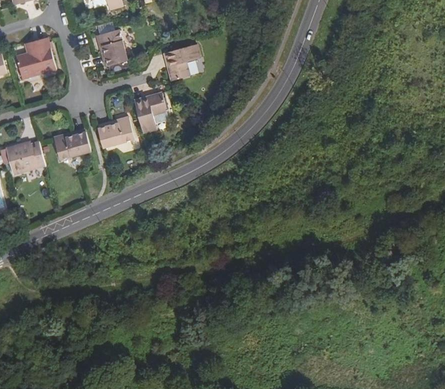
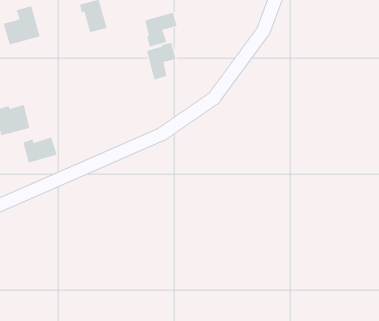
building: [134,93,166,133] -> [146,42,177,80]
building: [97,117,133,148] -> none
building: [53,132,90,160] -> [23,137,58,163]

